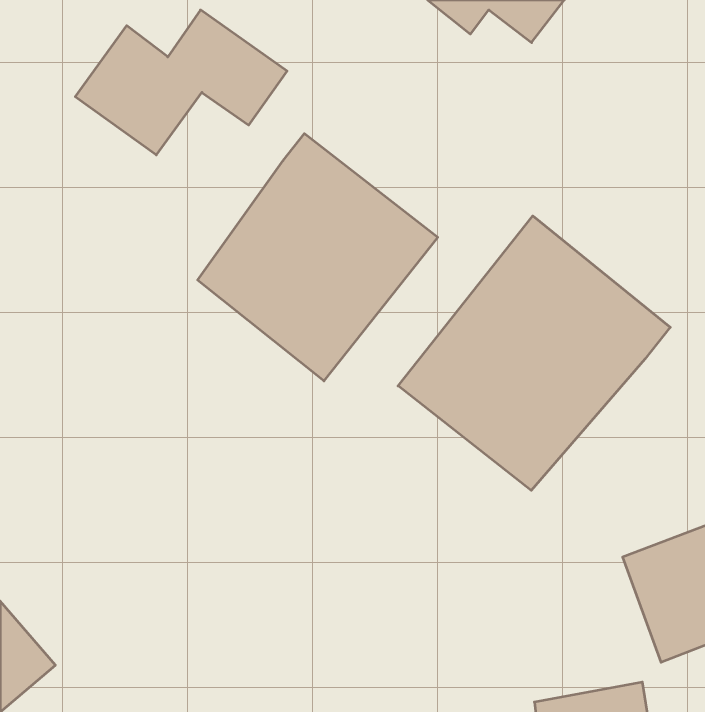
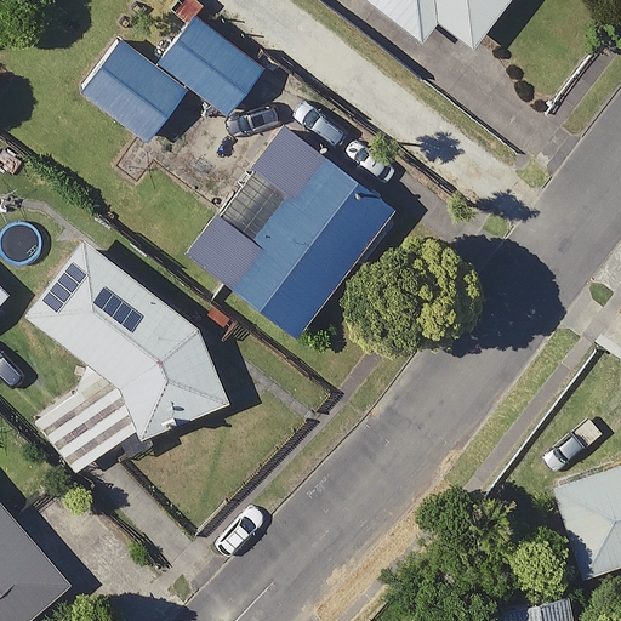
building: [398,216,670,490] -> none
building: none -> [24,240,232,477]

